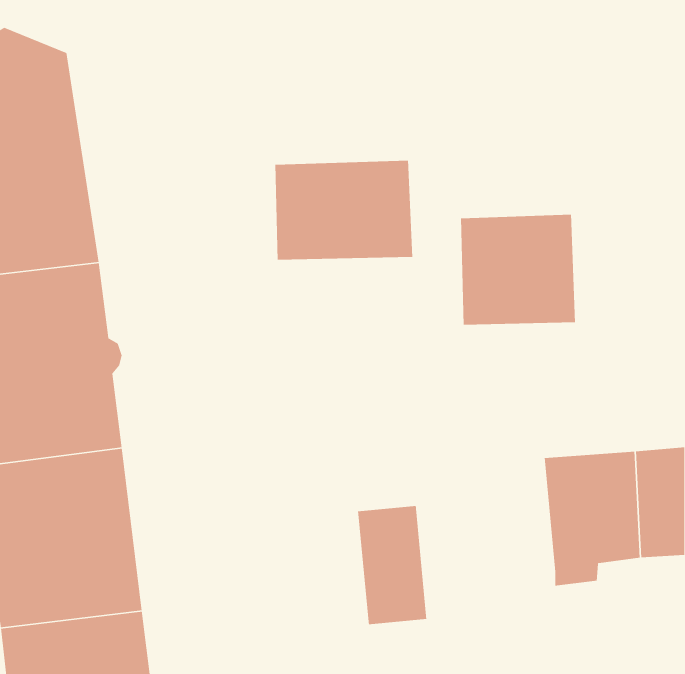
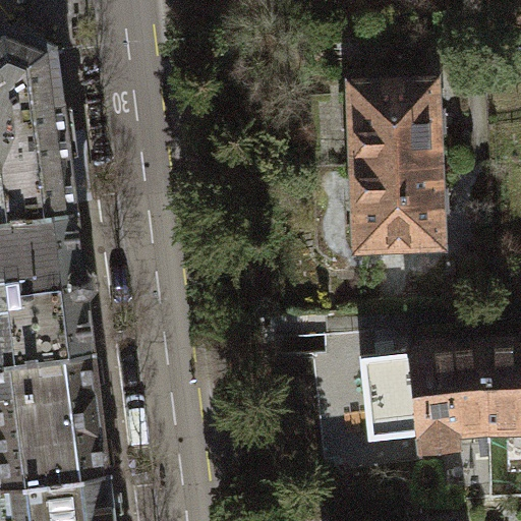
building: none -> [346,91,432,175]
building: [275,160,413,261] -> none
building: [357,505,427,625] -> [366,356,419,447]

